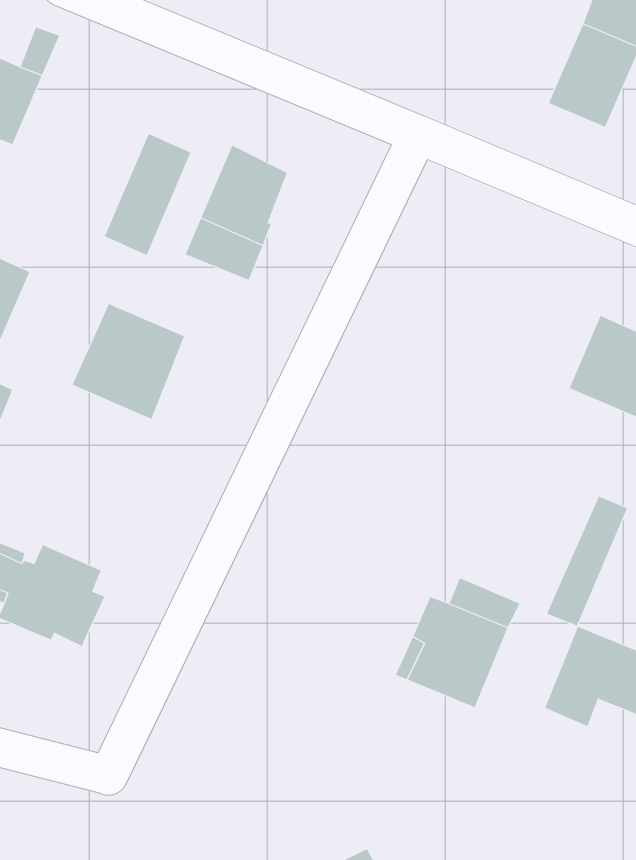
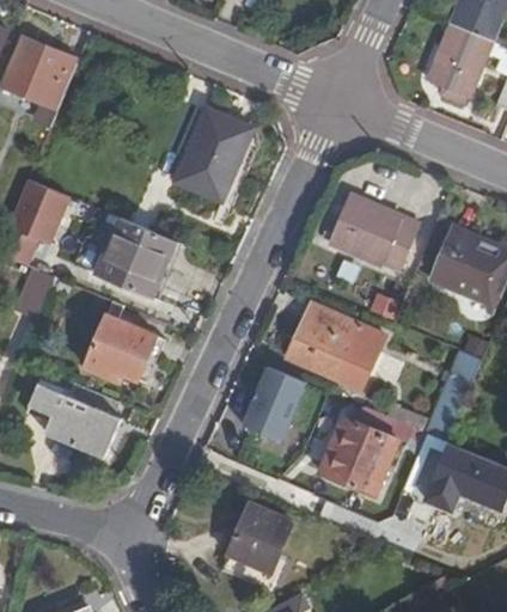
building: [104,133,191,256] -> none
building: none -> [325,192,415,270]
building: none -> [83,301,154,384]
building: none -> [286,306,379,388]
building: none -> [242,368,305,443]
building: none -> [221,507,288,583]

